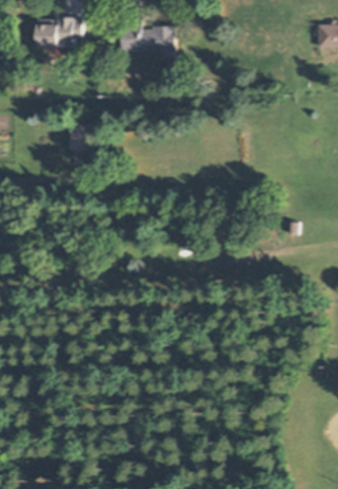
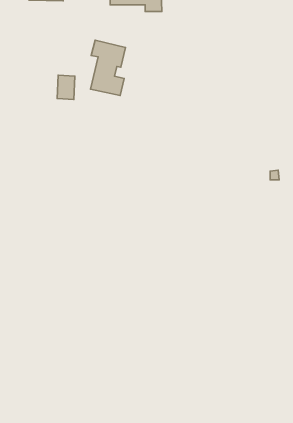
building: none -> [90,40,126,95]

